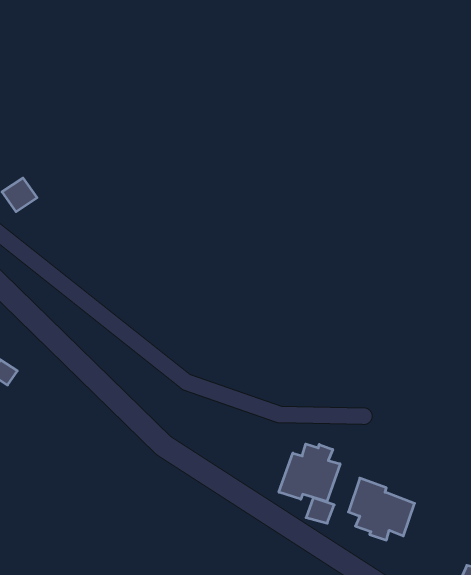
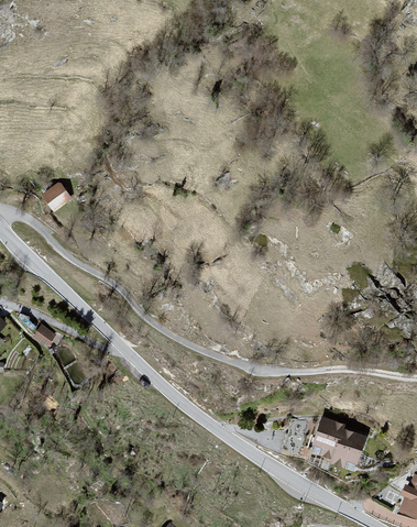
building: [279,444,340,502] -> none

